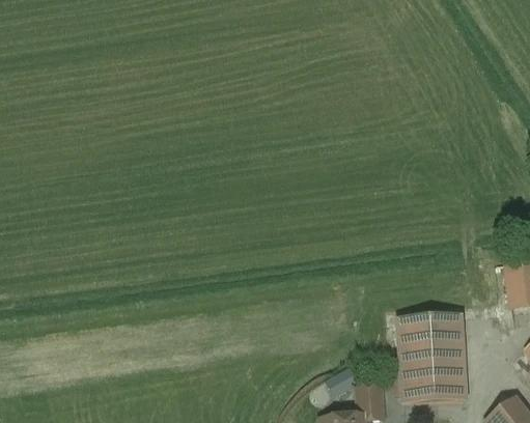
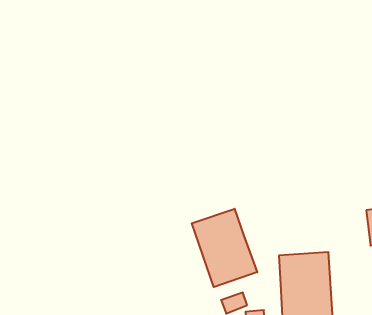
building: none -> [192,209,257,287]

